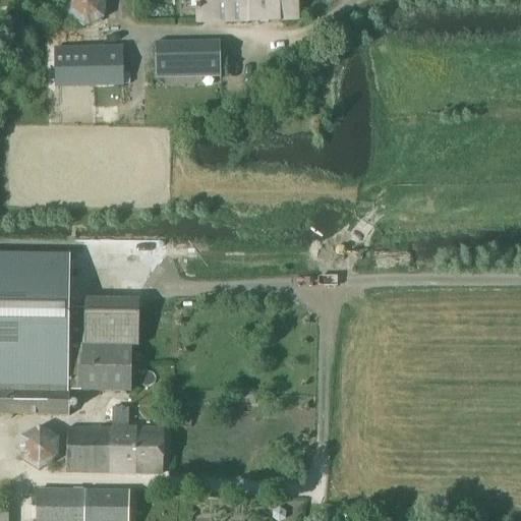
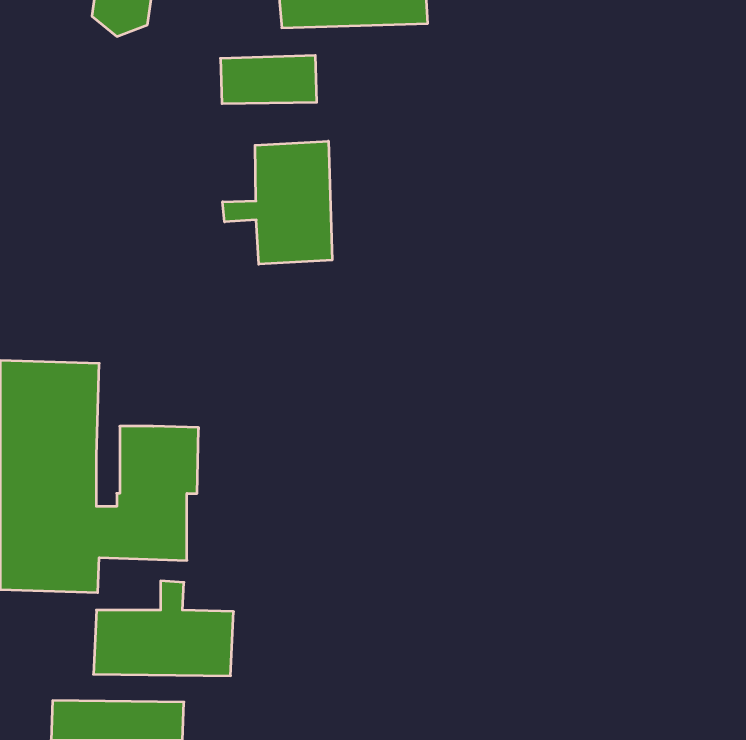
building: [54,45,122,82] -> none
building: none -> [223,141,332,264]
building: [19,424,58,469] -> none

